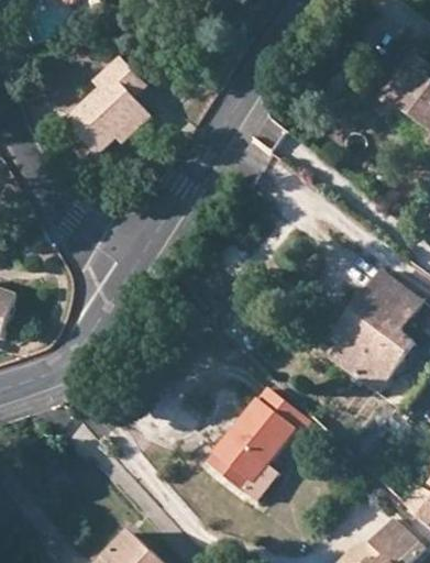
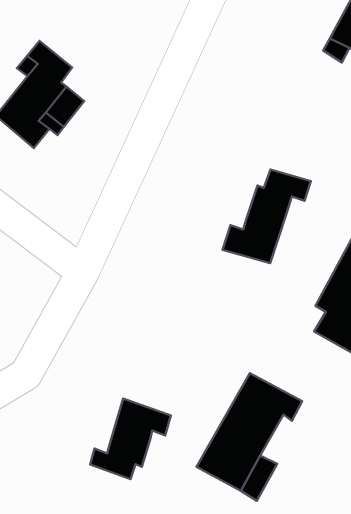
building: none -> [223,169,311,263]
building: none -> [90,398,171,479]

